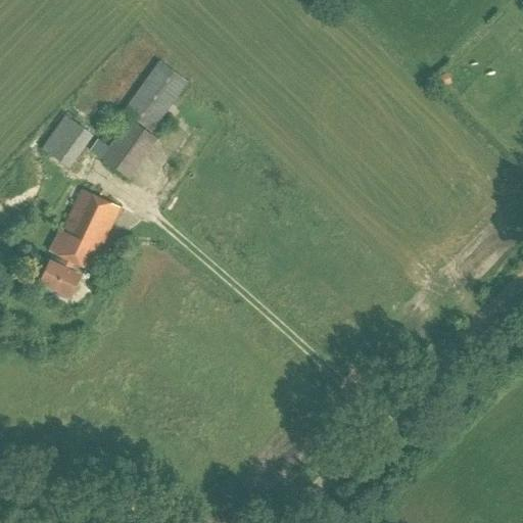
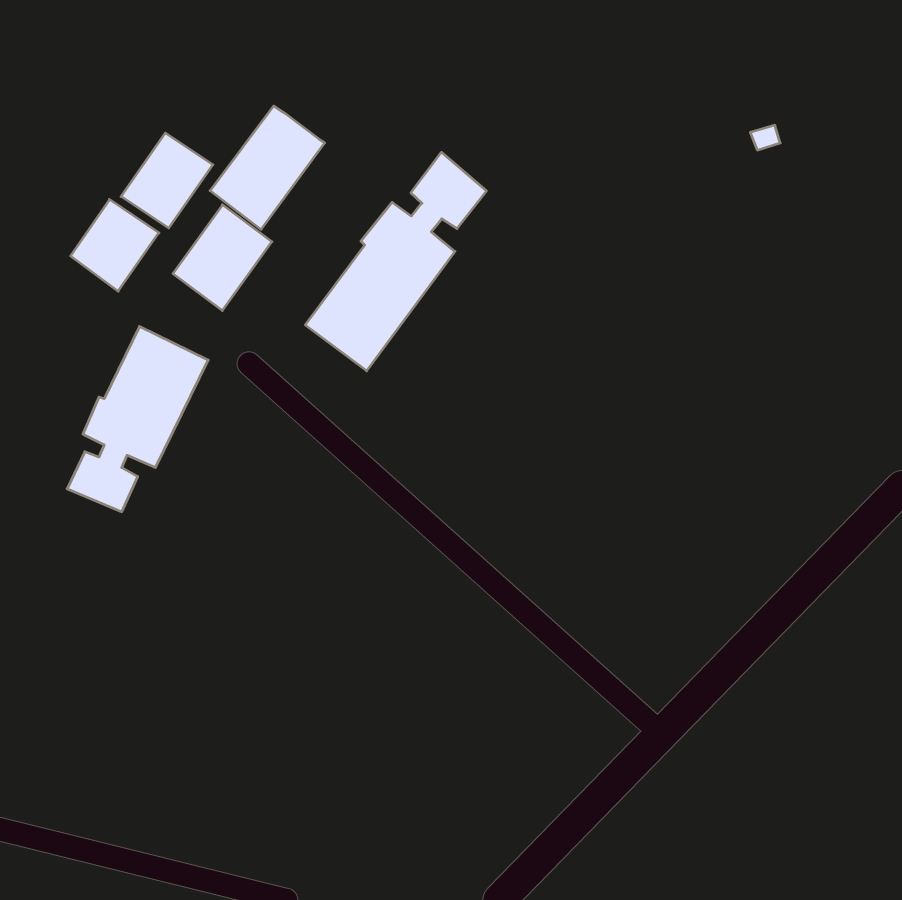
building: none -> [121,133,213,228]
building: none -> [305,152,486,371]

